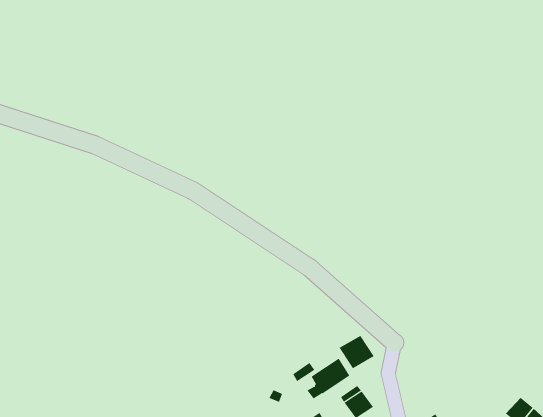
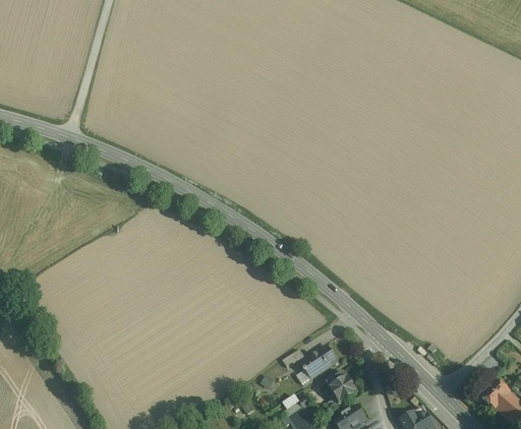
building: [339,335,374,369] -> none

